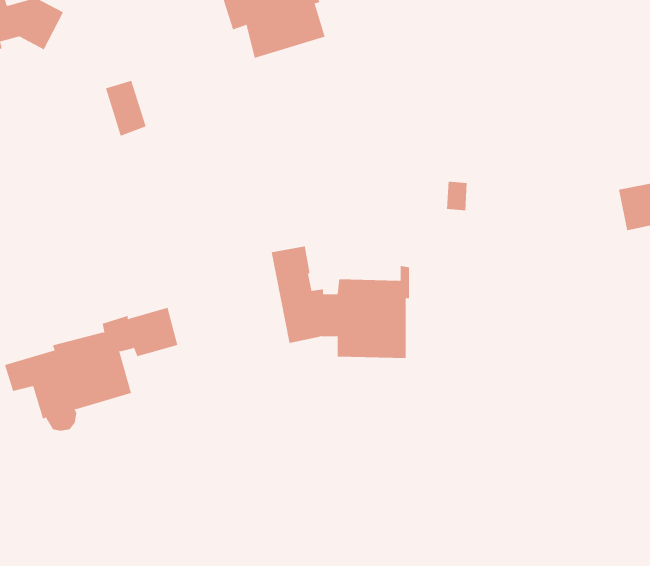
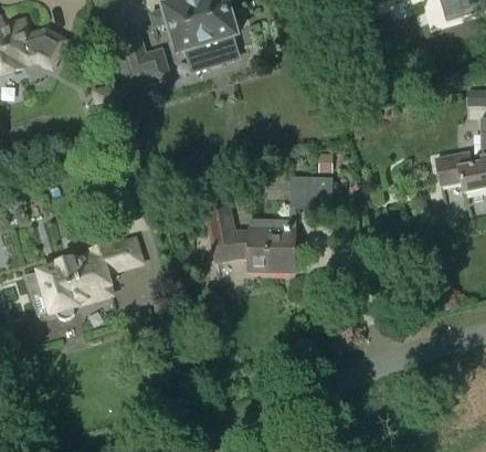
building: none -> [119,49,169,88]
building: none -> [289,176,335,211]

